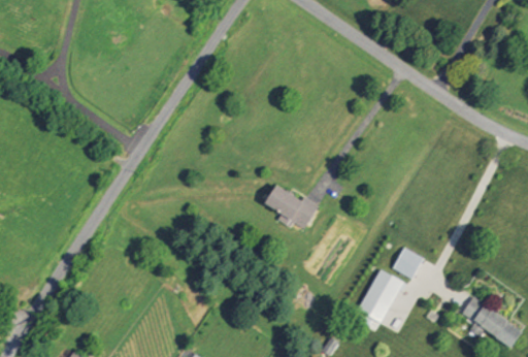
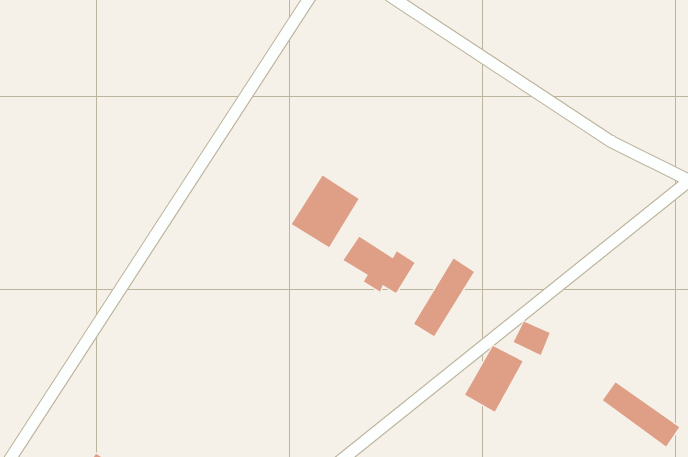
building: none -> [291,175,360,248]
building: none -> [413,257,475,337]

